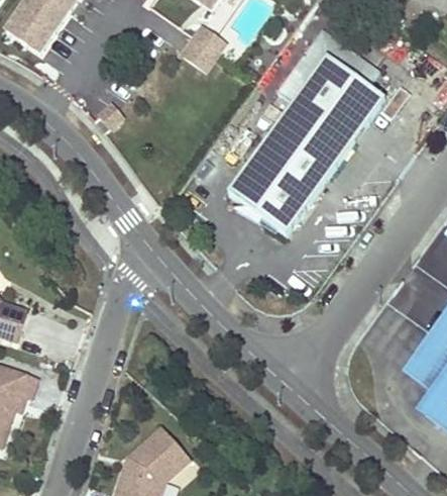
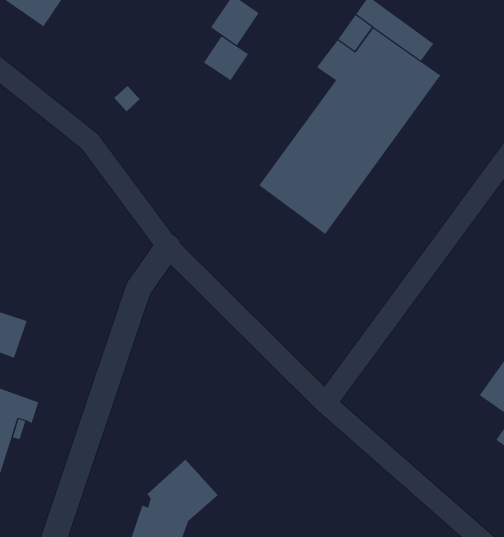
building: none -> [203,35,249,81]

